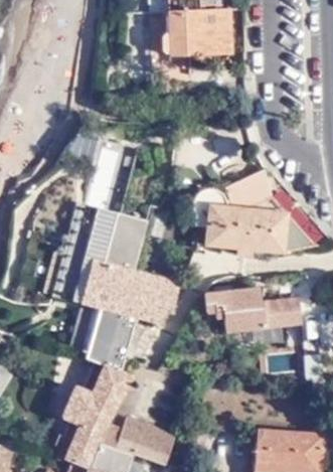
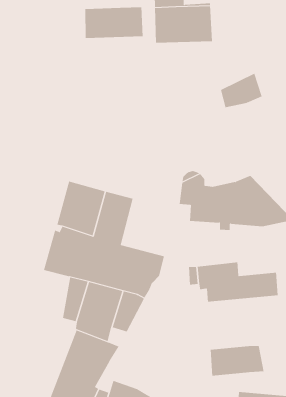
building: none -> [85,7,143,39]
building: [226,171,272,208] -> [220,73,262,108]
building: none -> [210,345,264,377]

